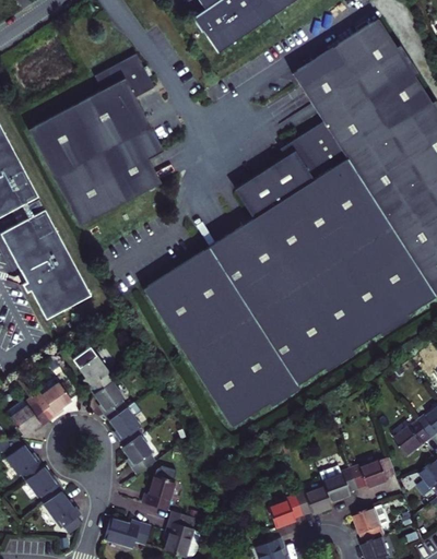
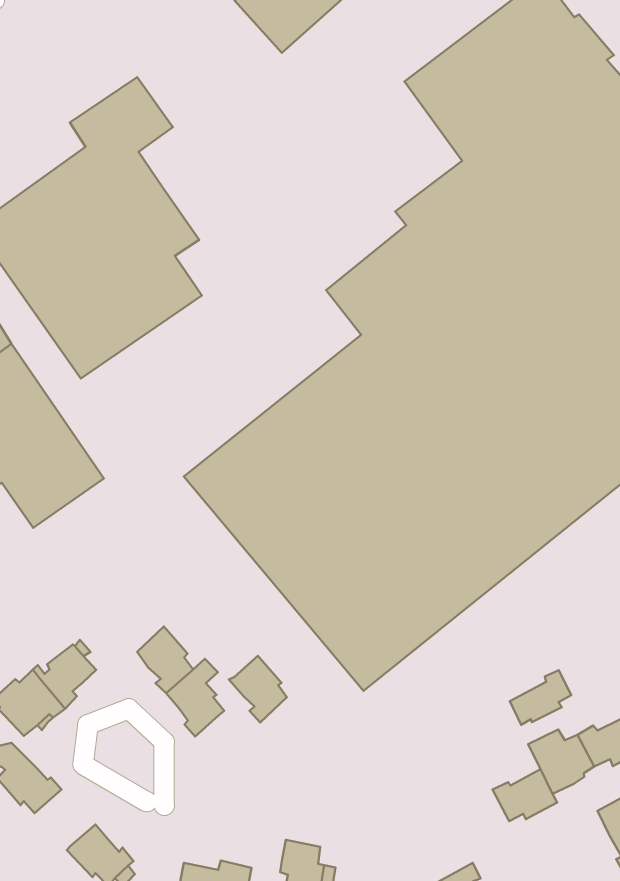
building: [82,353,114,391] -> none
building: none -> [510,670,571,725]
building: [121,433,154,473] -> [229,656,287,723]
building: [25,466,62,500] -> none
building: [141,475,174,510] -> none
building: [269,496,303,528] -> none

